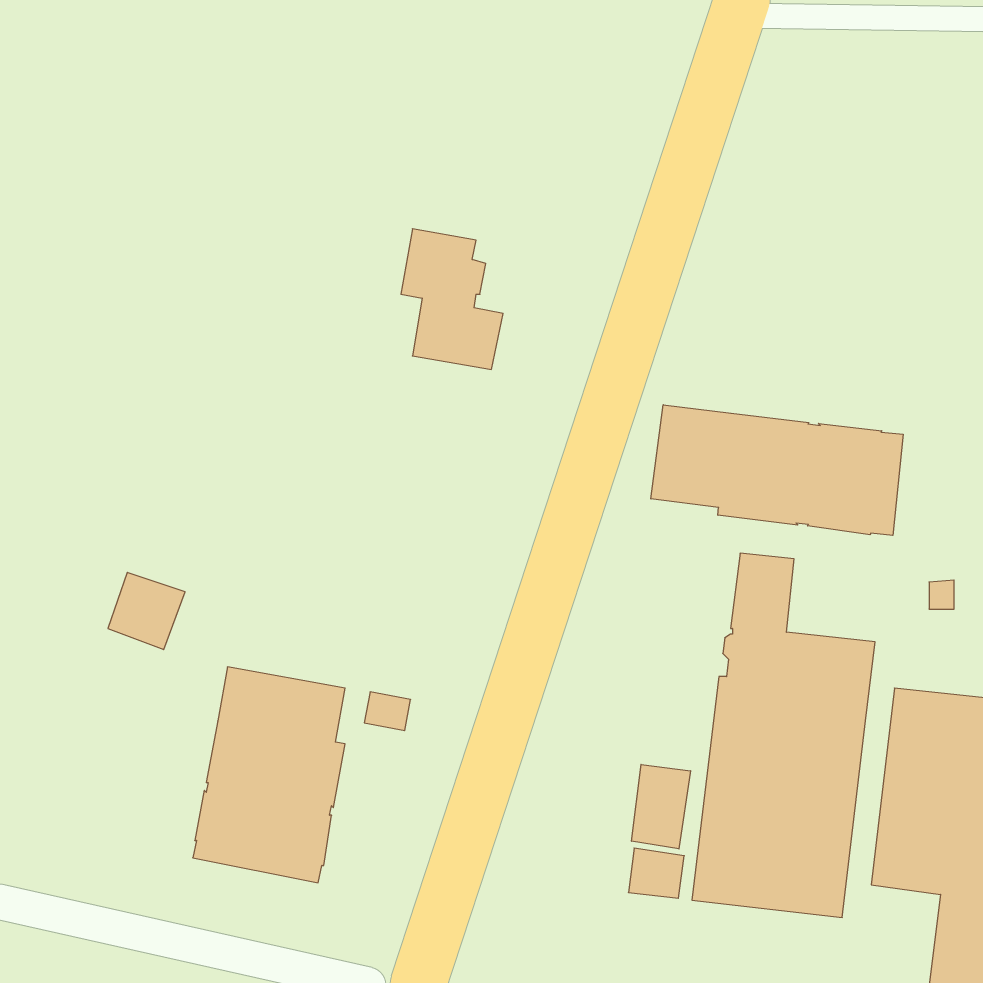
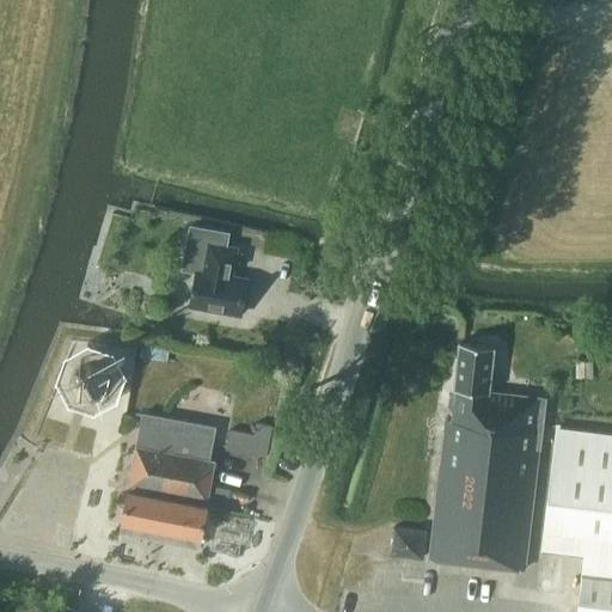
building: [401,229,503,369] -> [184,228,247,316]
building: [651,405,903,535] -> none
building: [632,764,691,849] -> none

